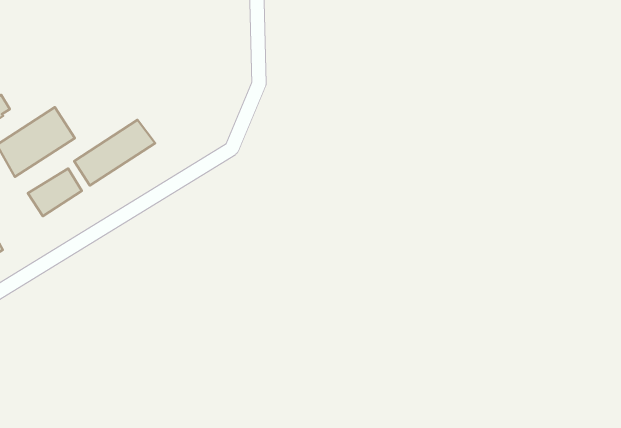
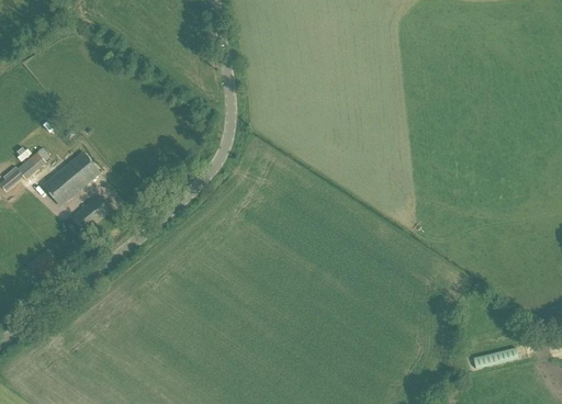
building: [74,120,155,185] -> none

